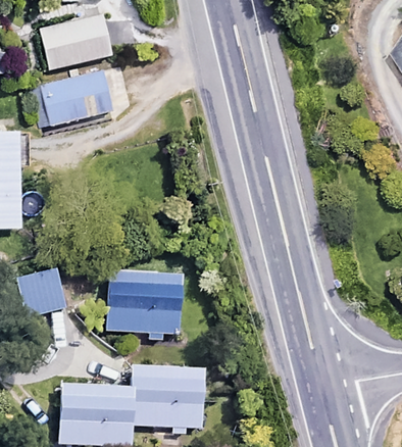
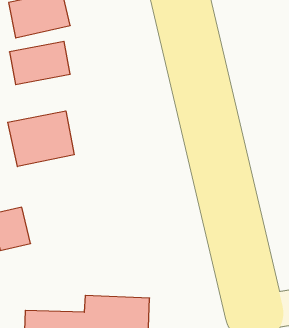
building: none -> [8,111,74,167]
building: [104,271,181,333] -> none

